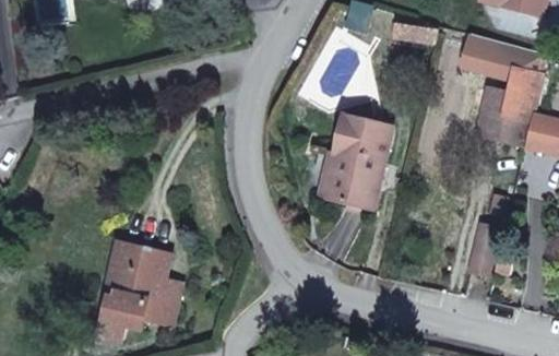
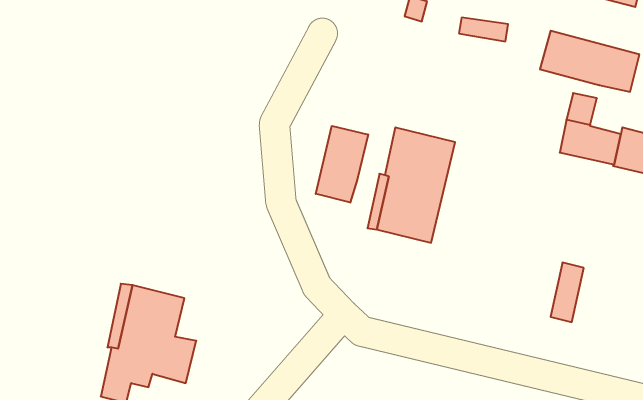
building: [502,79,535,119] -> none
building: none -> [316,126,368,203]

